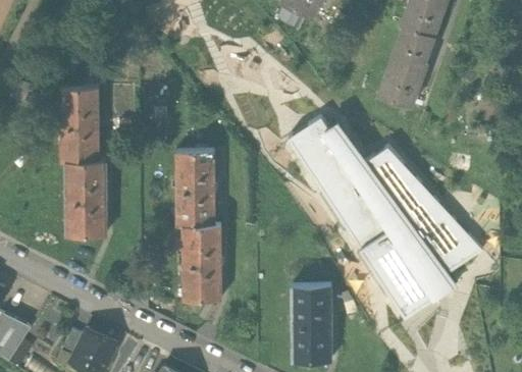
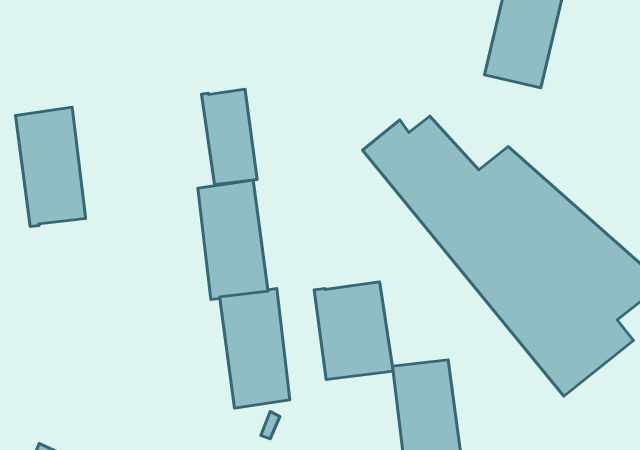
building: none -> [201,89,257,185]
building: [67,161,106,236] -> none
building: none -> [314,282,393,379]

